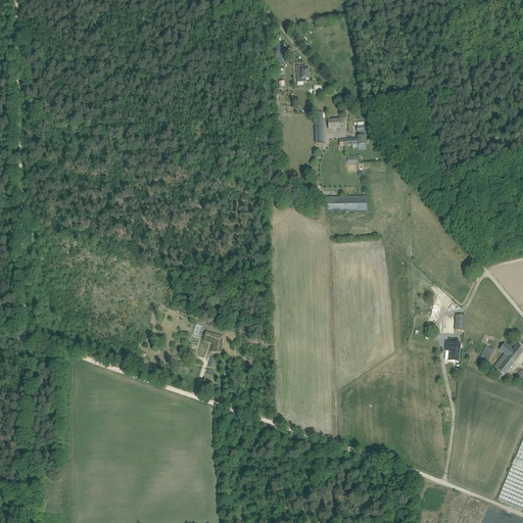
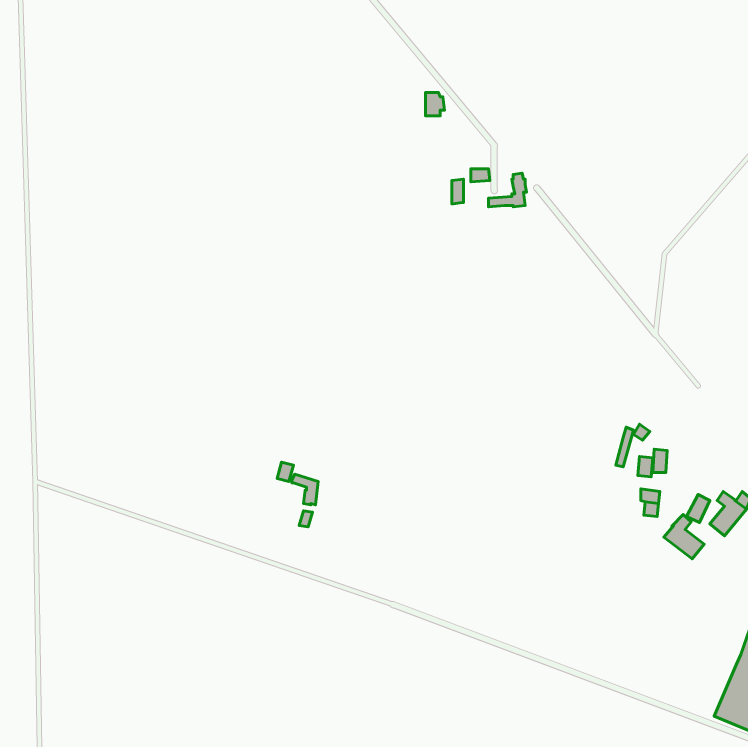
building: [327,195,368,211] -> none
building: none -> [664,514,704,559]

